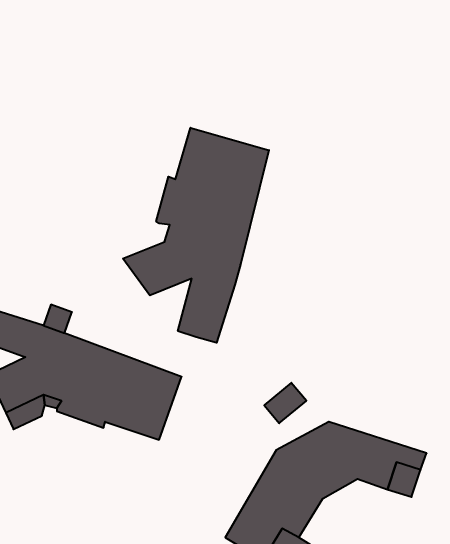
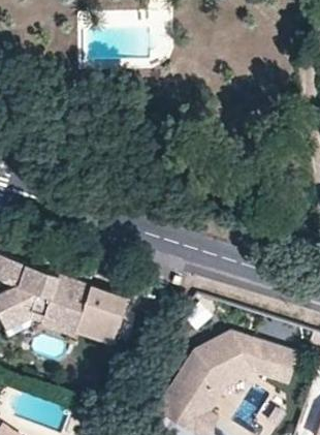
building: [123,128,269,343] -> none

